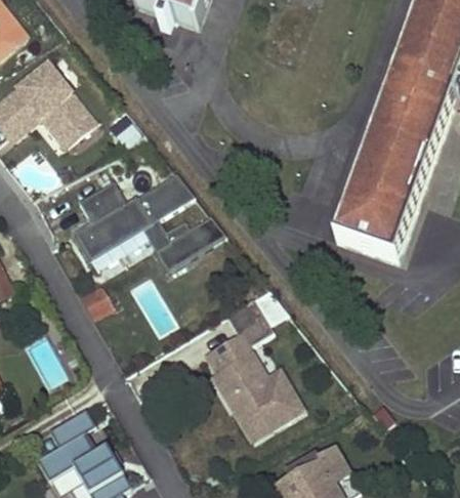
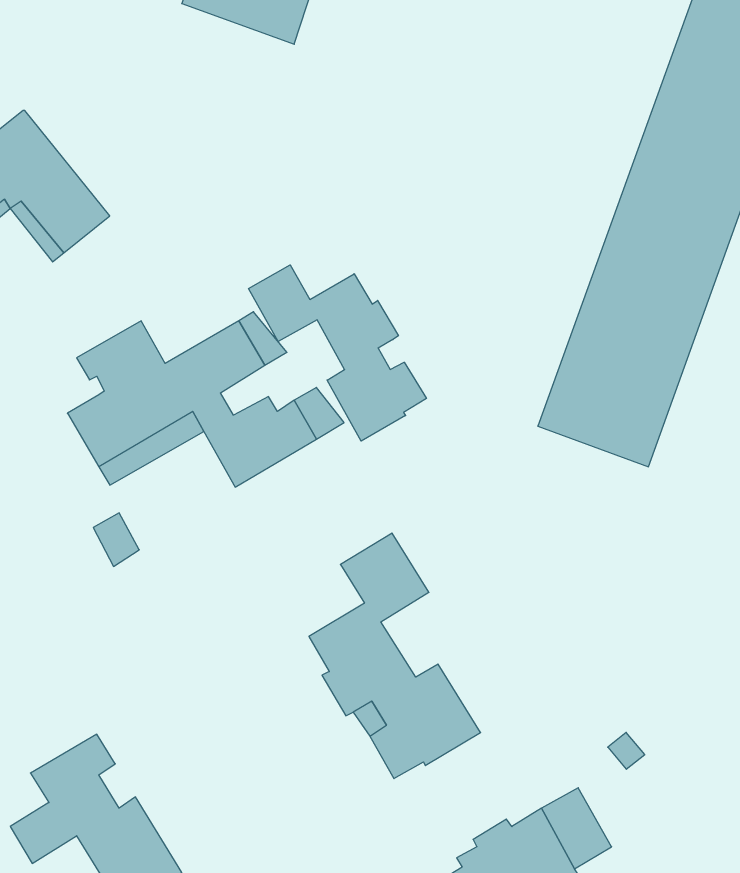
building: none -> [249,265,426,441]

